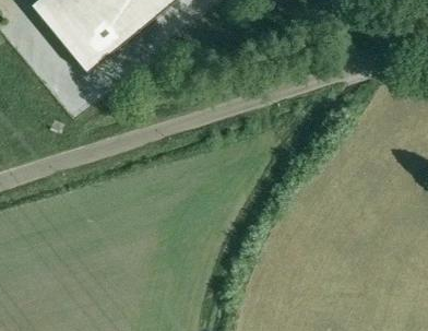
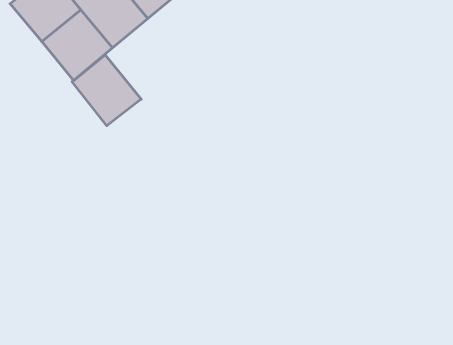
building: none -> [72,55,141,126]

